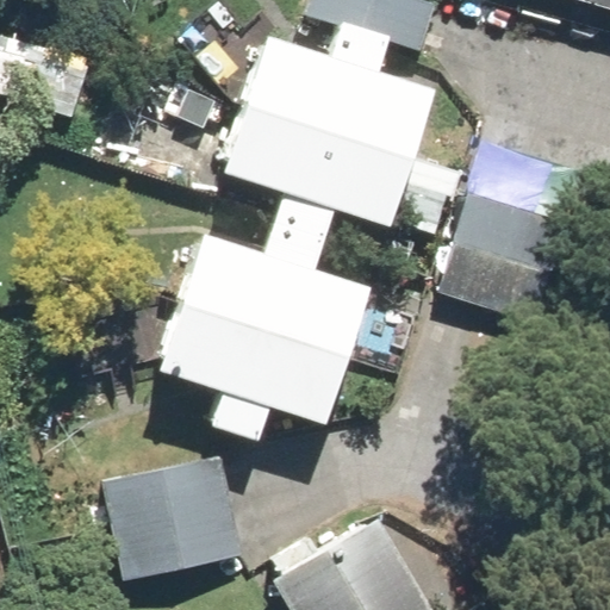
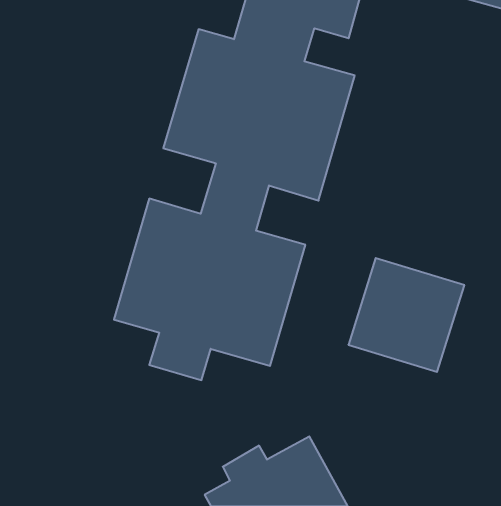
building: [436,185,573,319] -> [348,258,464,372]
building: [107,453,245,573] -> none

